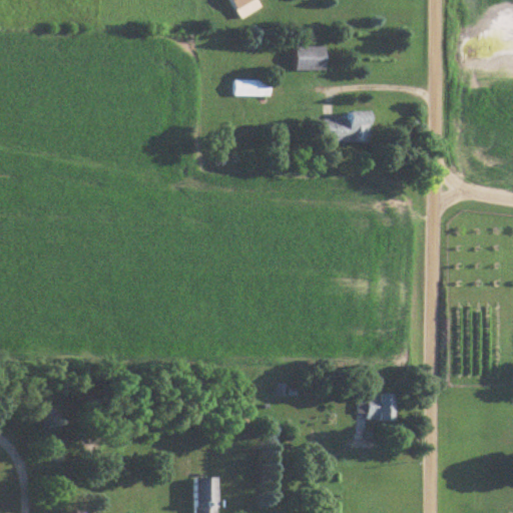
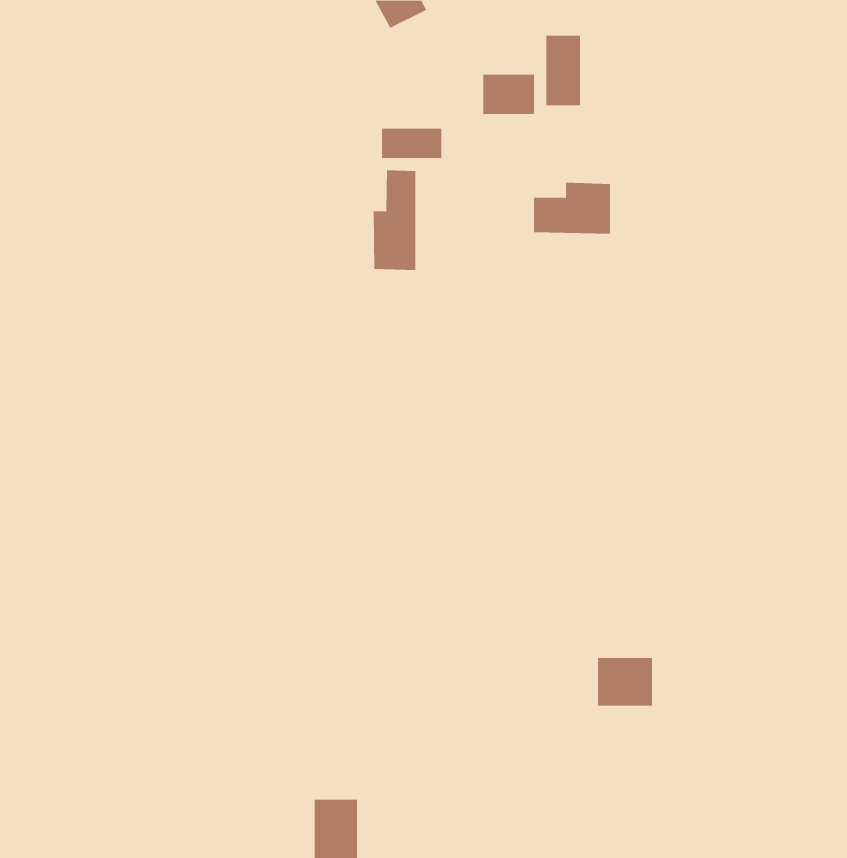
building: none -> [546,35,581,106]
building: none -> [373,170,416,271]

